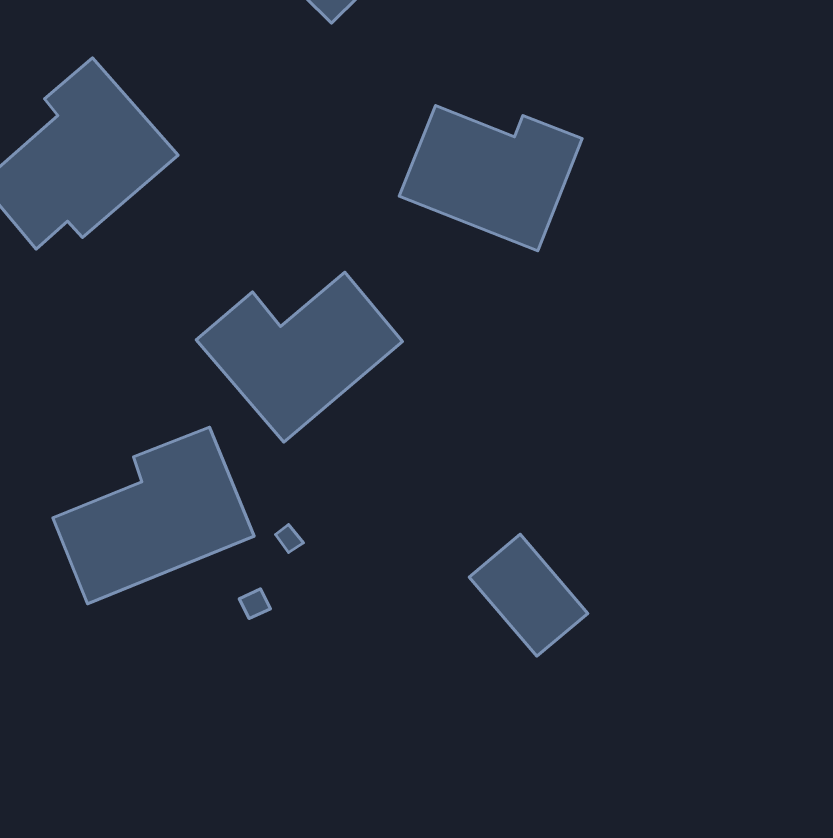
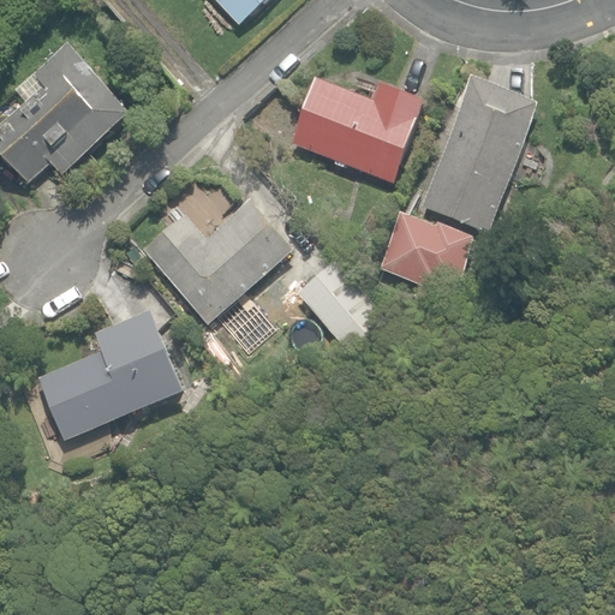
building: none -> [420,76,538,232]
building: none -> [377,214,473,291]
building: [469,534,588,656] -> [297,259,383,348]

